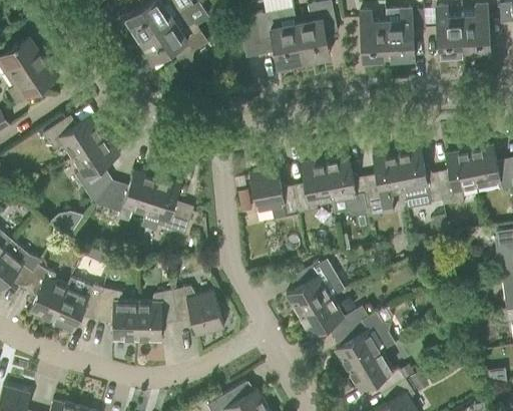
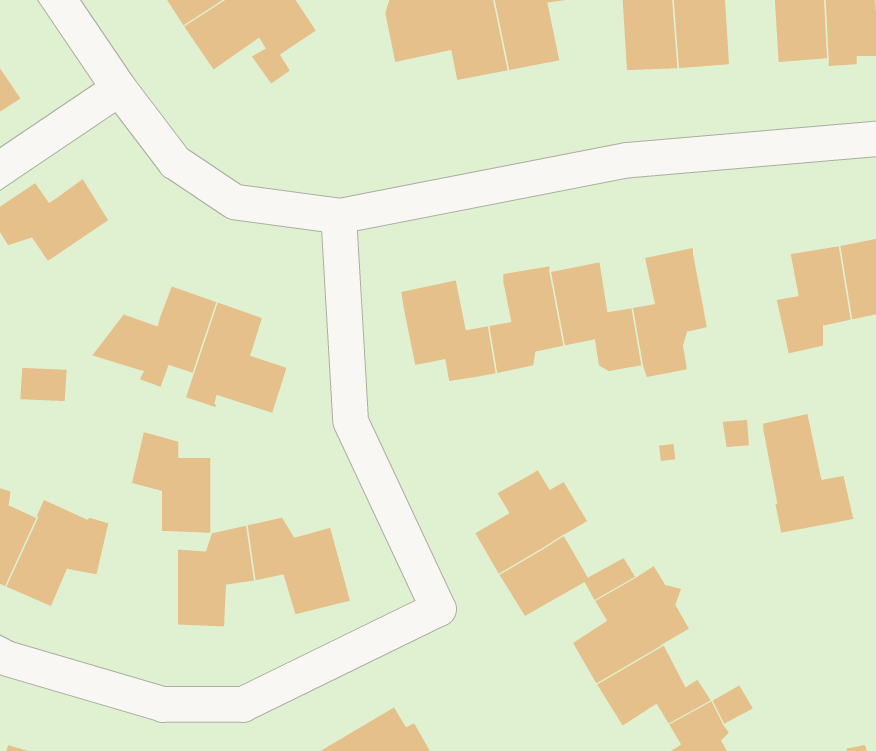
building: [72,134,120,204] -> none
building: [397,145,443,206] -> [762,414,854,533]
building: [97,289,137,340] -> [131,431,211,533]

